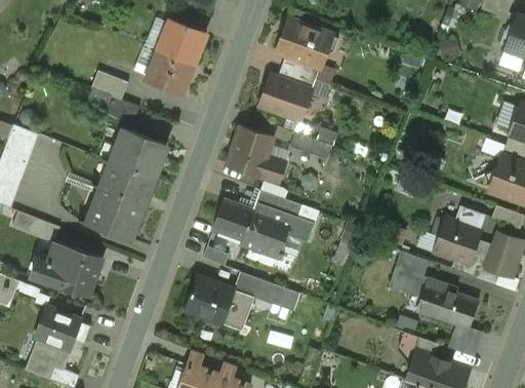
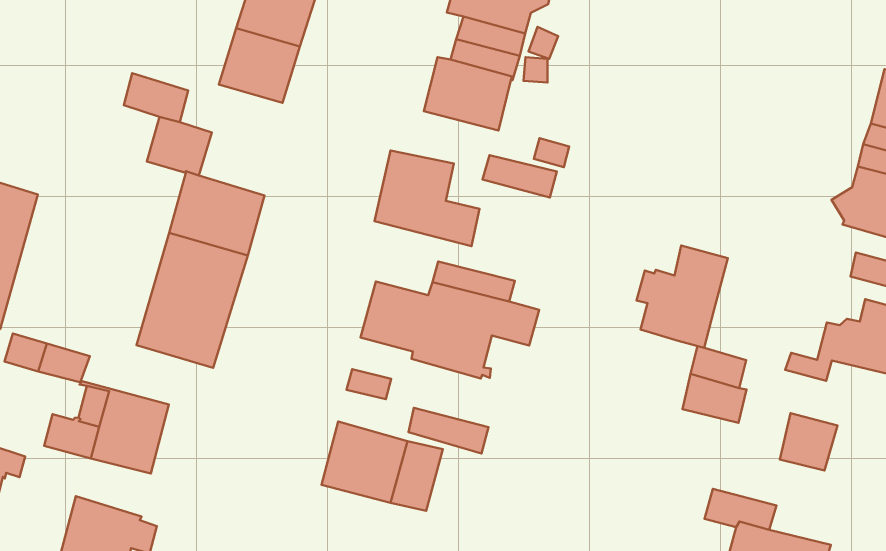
building: [432,205,485,264] -> [636,246,728,348]
building: [416,277,450,318] -> none

